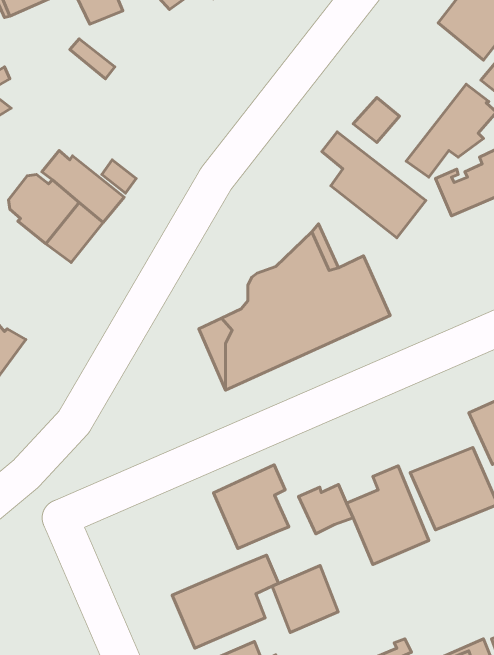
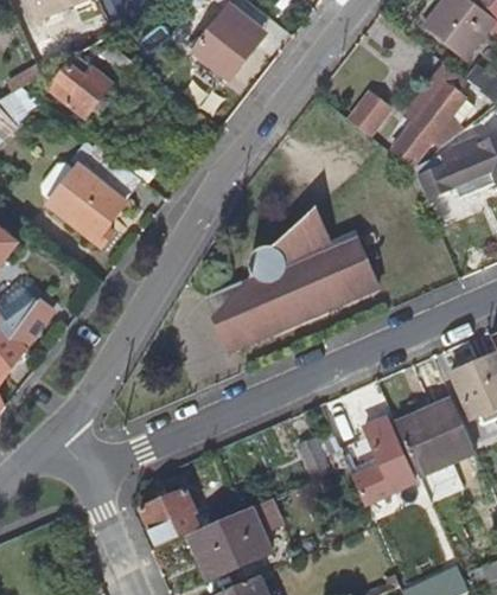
building: none -> [192,12,257,78]
building: none -> [56,70,117,121]
building: [322,132,426,238] -> none
building: [213,465,289,549] -> none
building: none -> [140,487,196,542]
building: [272,566,338,632] -> none

